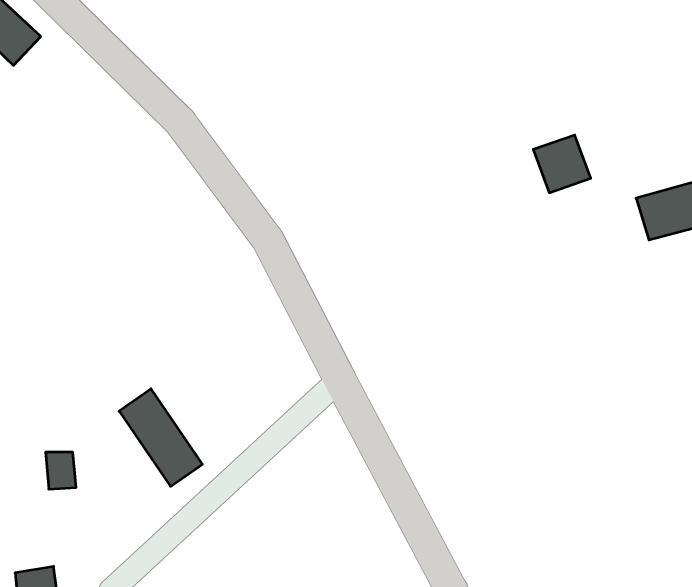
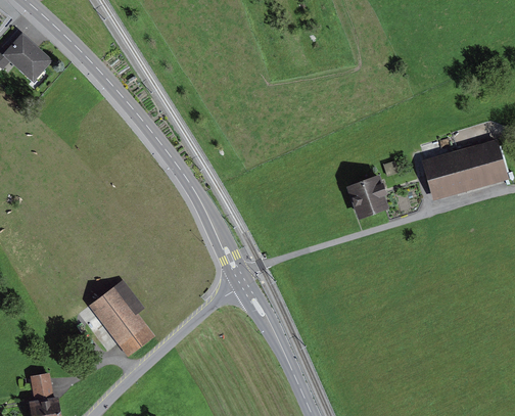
building: [533,135,591,193] -> [348,181,385,218]
building: [46,452,76,489] -> [34,373,53,397]

